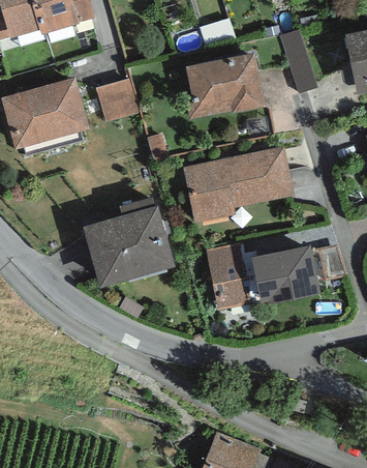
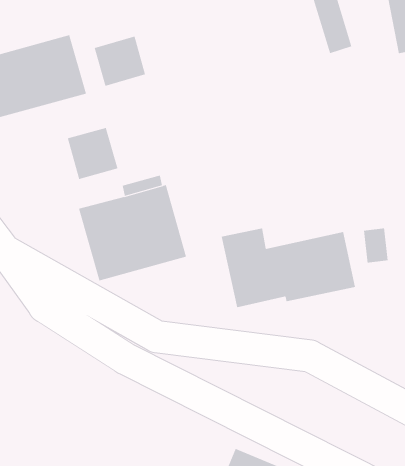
building: [186,53,264,118] -> none
building: [183,146,295,223] -> none
building: none -> [67,127,118,180]

